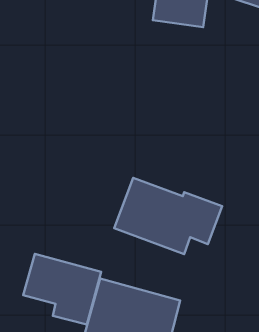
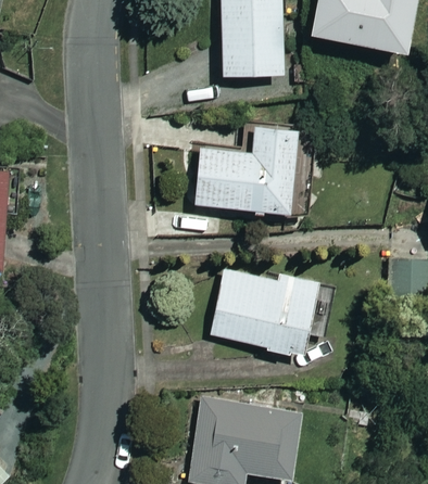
building: none -> [191,124,293,208]
building: [23,254,101,324] -> none

